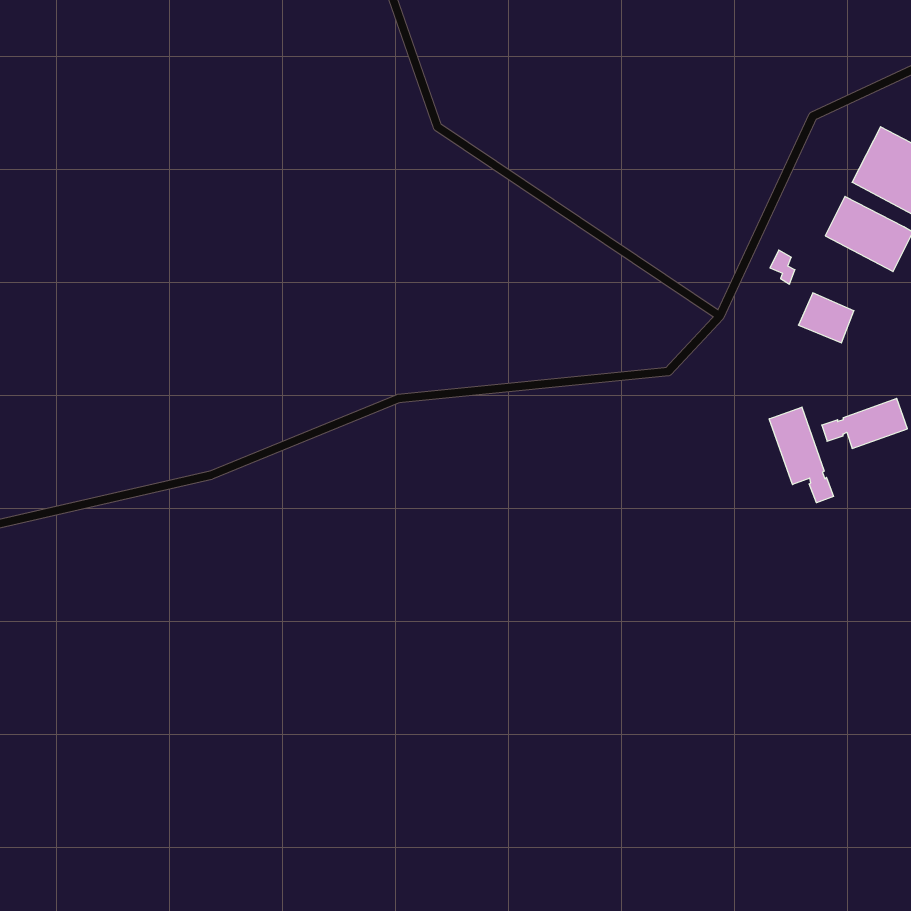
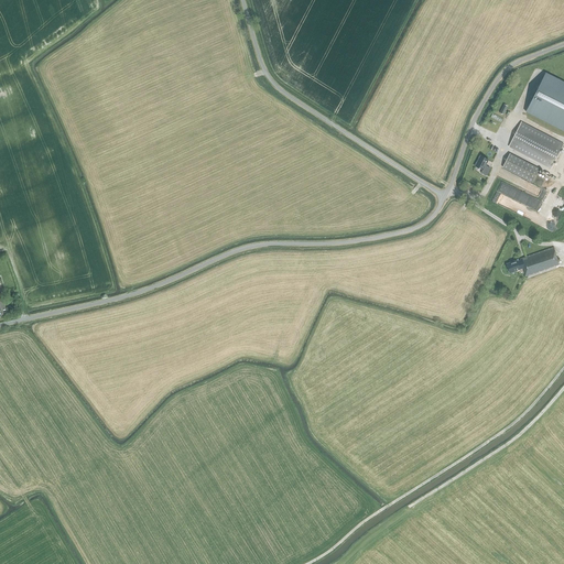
building: none -> [503,152,541,182]
building: [769,407,833,503] -> none

